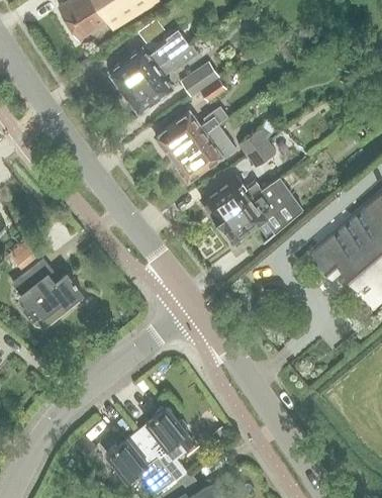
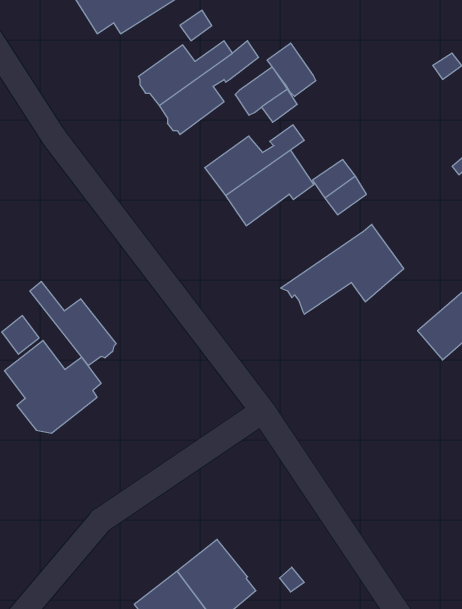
building: none -> [267,43,316,97]
building: [200,172,274,223] -> none
building: none -> [30,281,116,366]

